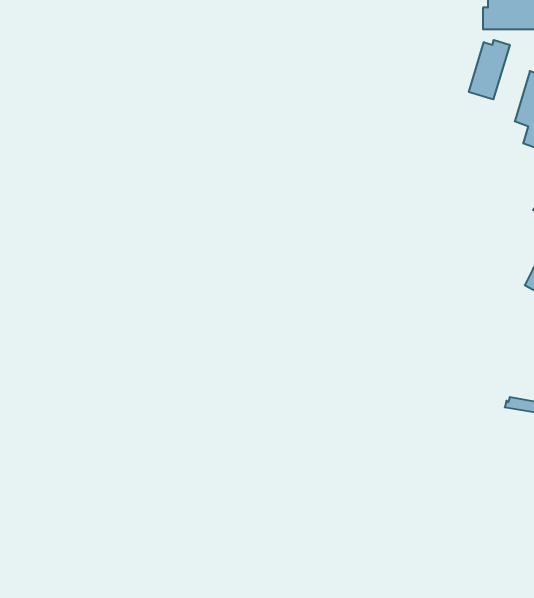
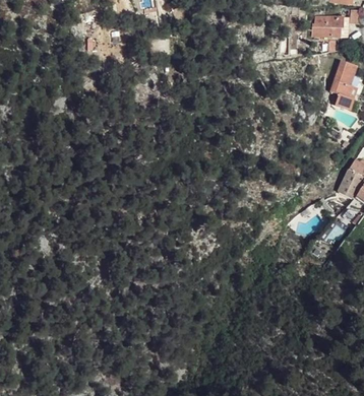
building: [469,40,510,99] -> none

